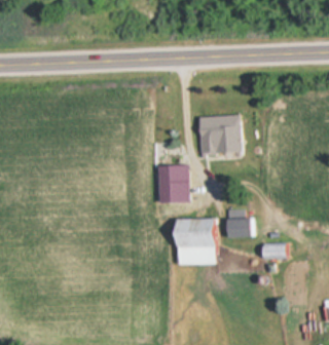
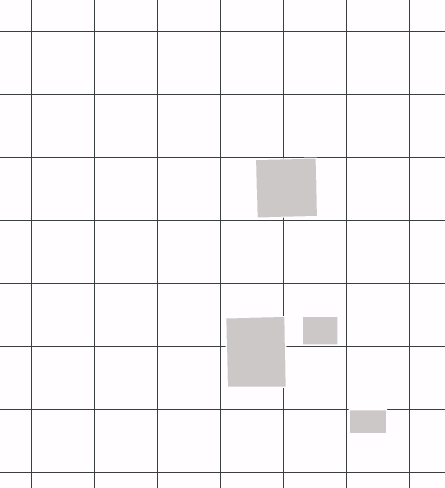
building: [158,165,186,201] -> none
building: [262,243,287,259] -> [349,410,387,433]

